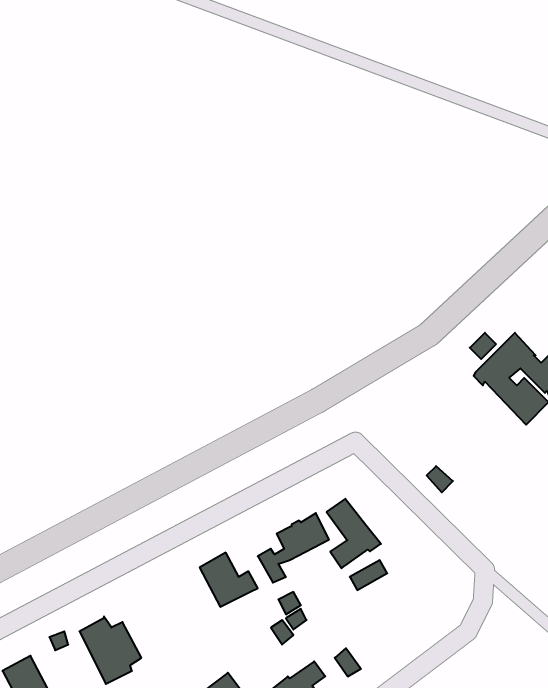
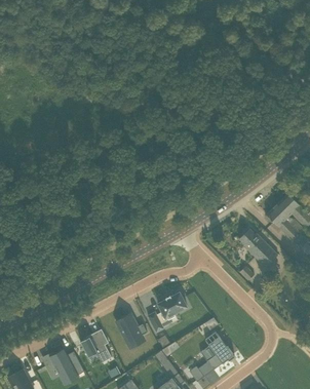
building: none -> [239,228,278,267]
building: [327,499,381,568] -> [205,332,235,369]
building: none -> [80,332,112,362]

